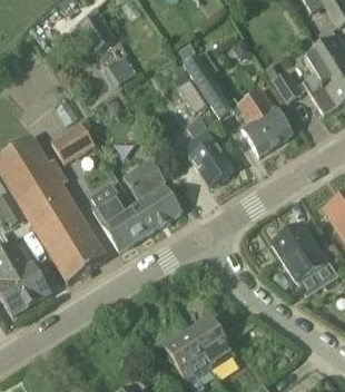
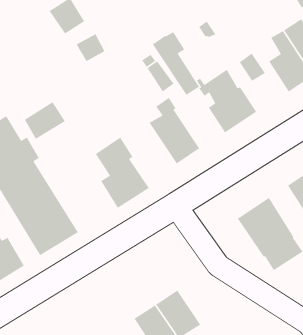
building: [90,183,147,251] -> none

